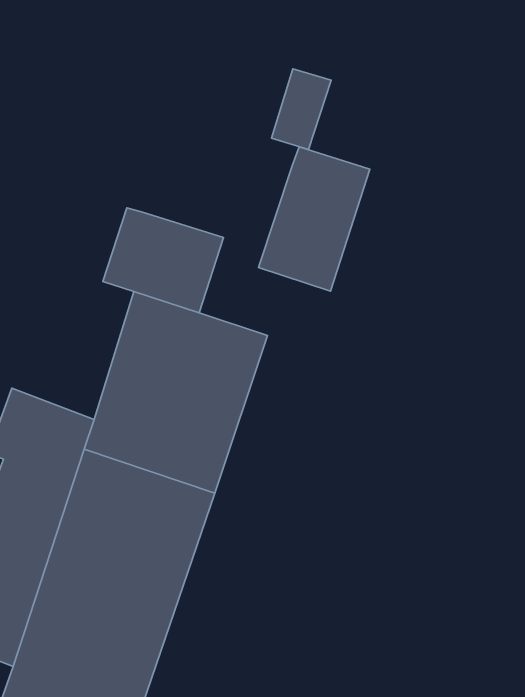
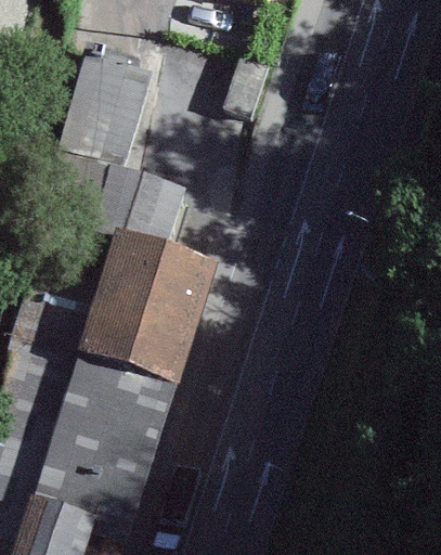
building: none -> [57,51,156,167]
building: [259,147,370,291] -> none

